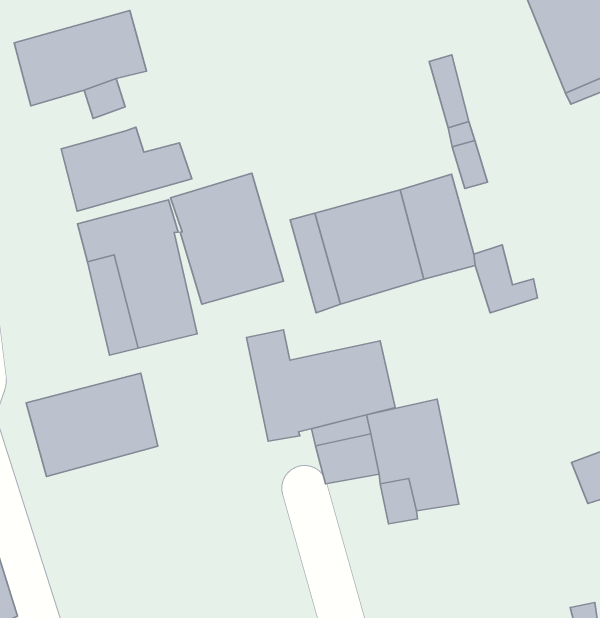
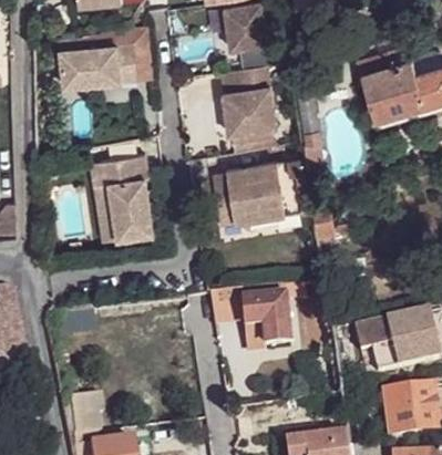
building: [61,127,192,211] -> none
building: [171,173,284,304] -> [222,62,280,133]
building: [246,330,395,441] -> none
building: [26,373,158,476] -> none

